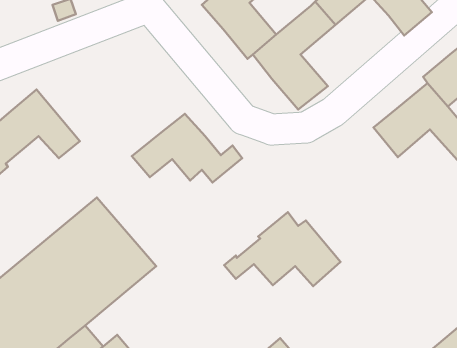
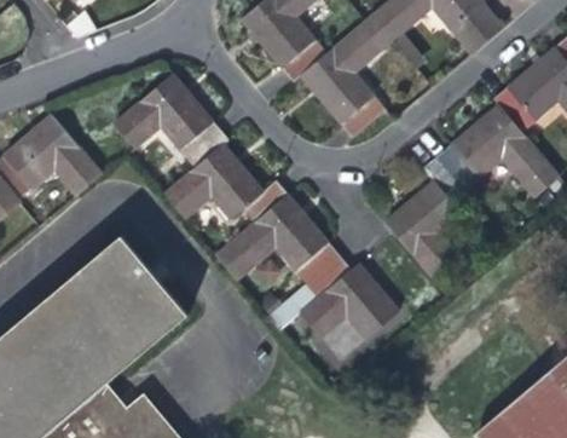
building: none -> [116,76,226,165]
building: none -> [386,157,464,282]
building: none -> [213,192,339,282]

